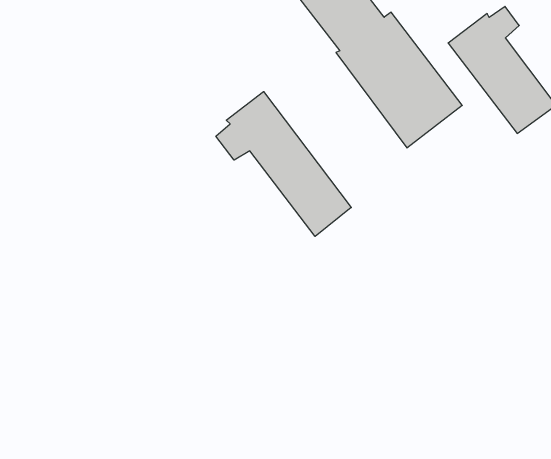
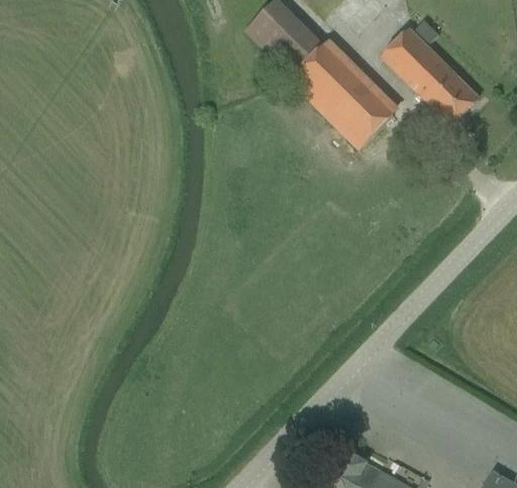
building: [216,92,351,236] -> none

